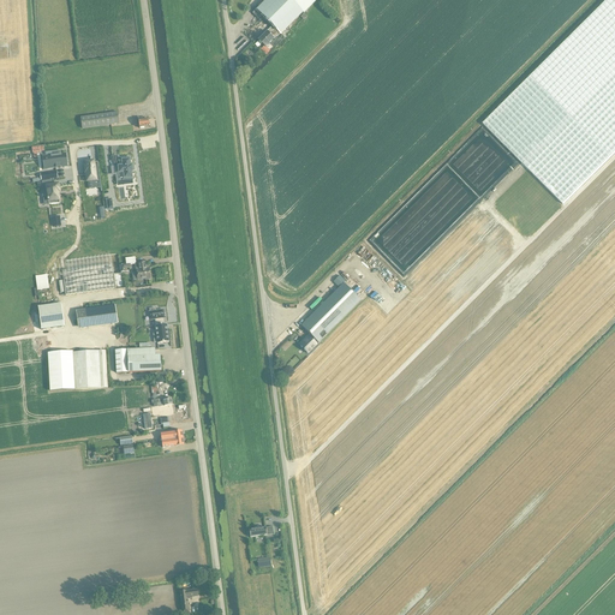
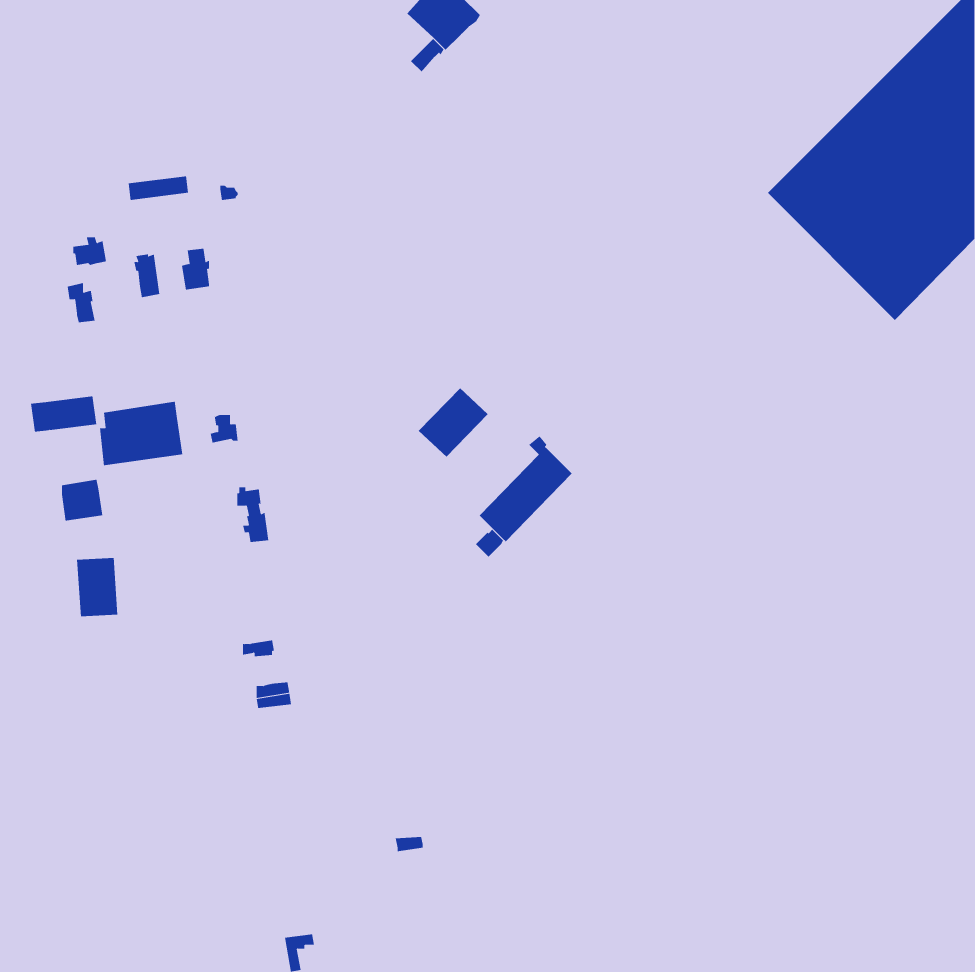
building: none -> [418,387,489,458]
building: [76,304,118,327] -> [30,396,97,432]
building: [115,347,161,371] -> none
building: [72,348,101,387] -> none

